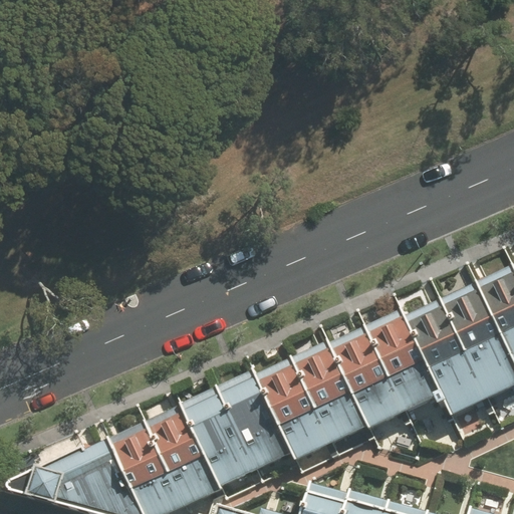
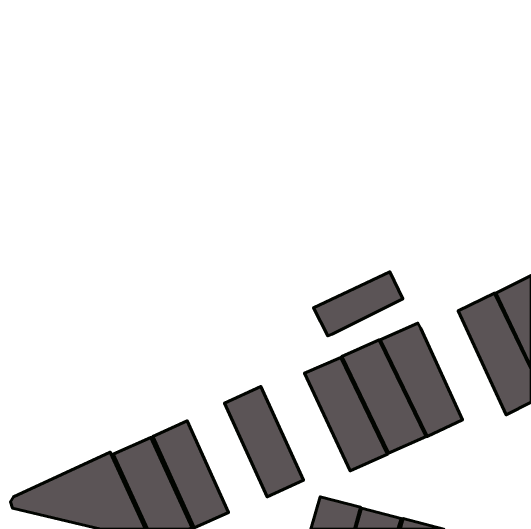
building: none -> [313,272,403,336]
building: [410,301,489,417] -> none
building: [255,360,336,472] -> none
building: [182,390,258,494] -> none

